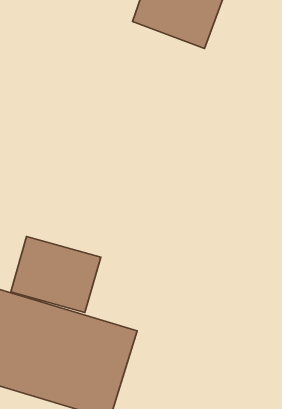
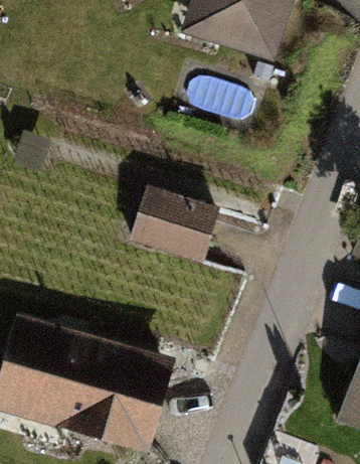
building: [11,236,101,313] -> [134,186,230,268]

